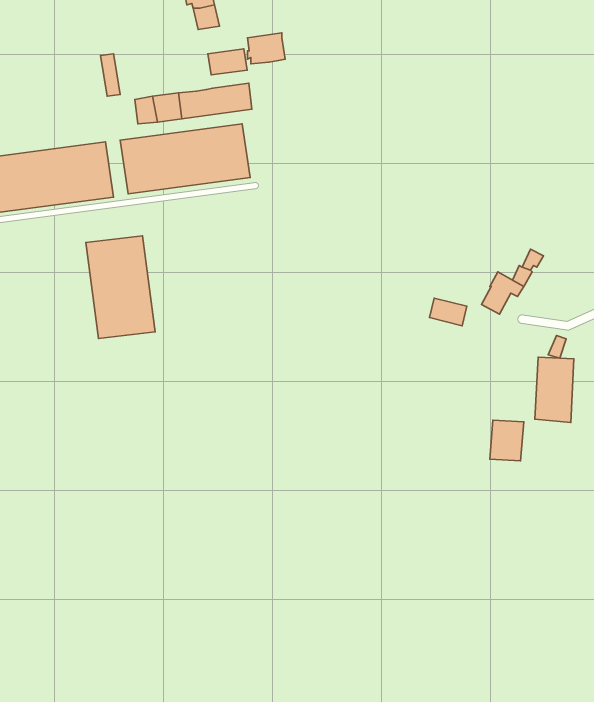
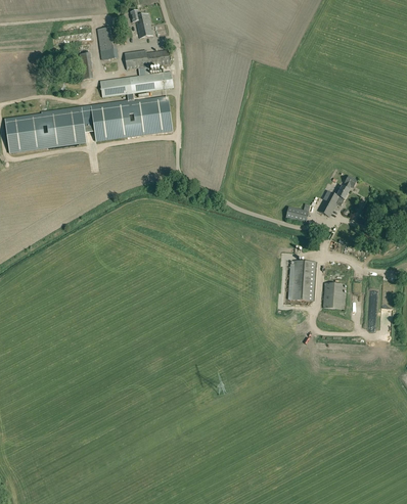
building: none -> [96,27,118,60]
building: [248,33,285,64] -> [124,50,147,70]
building: [86,236,155,339] -> none
building: [535,357,574,422] -> [290,261,315,302]

